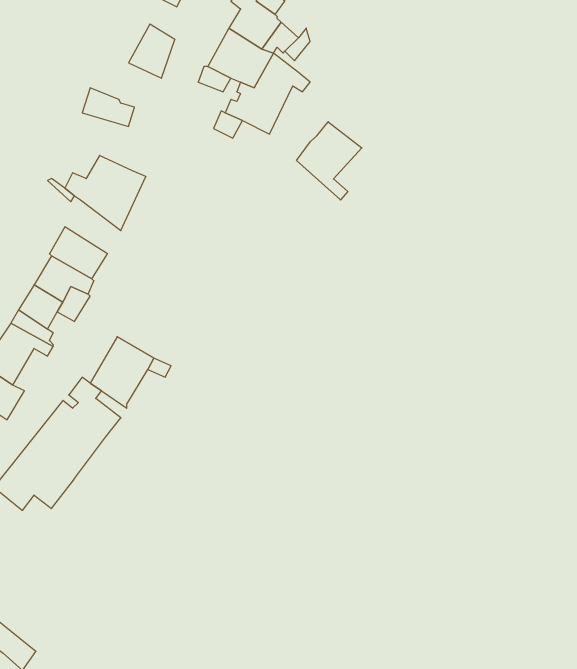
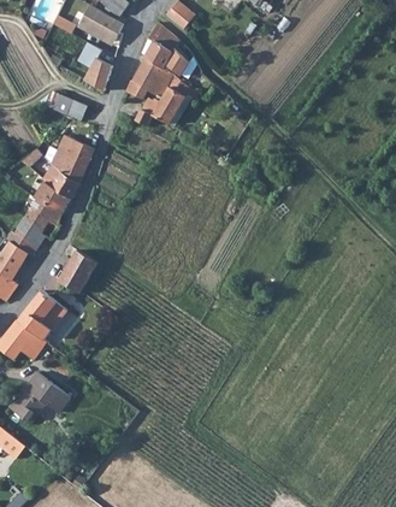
building: [297,122,362,200] -> none
building: none -> [42,164,77,198]
building: none -> [8,371,70,419]

